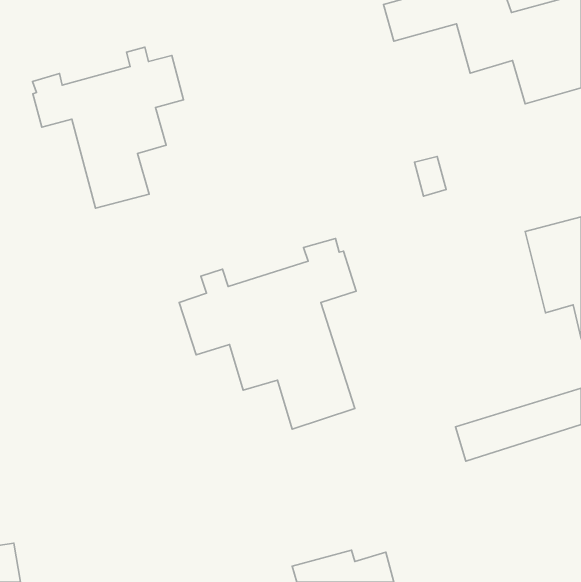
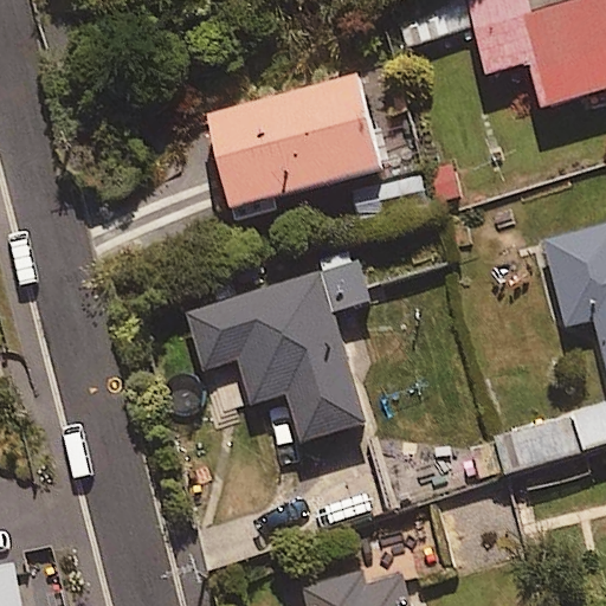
building: [33,47,183,208] -> none
building: none -> [205,72,382,209]

